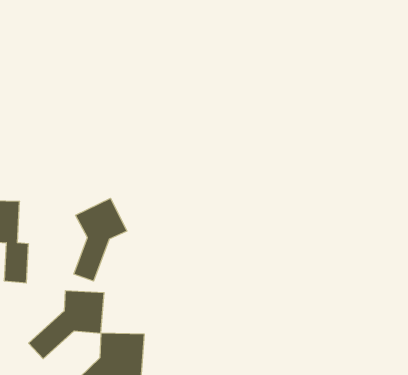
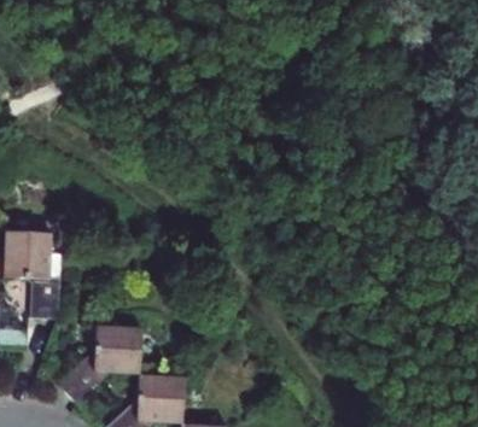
building: [74,198,127,281] -> none

